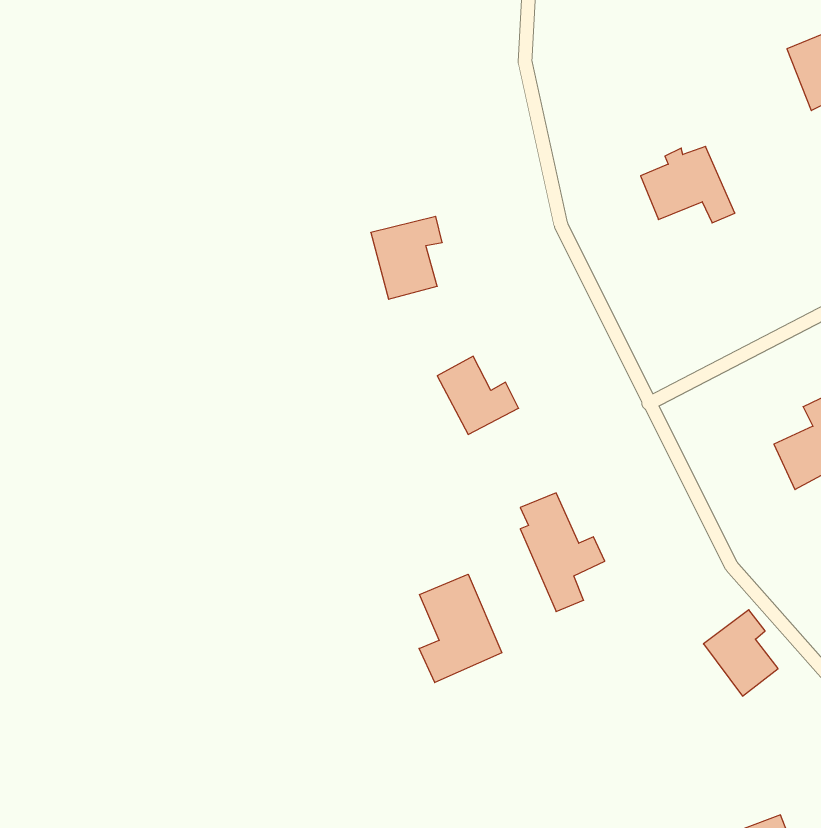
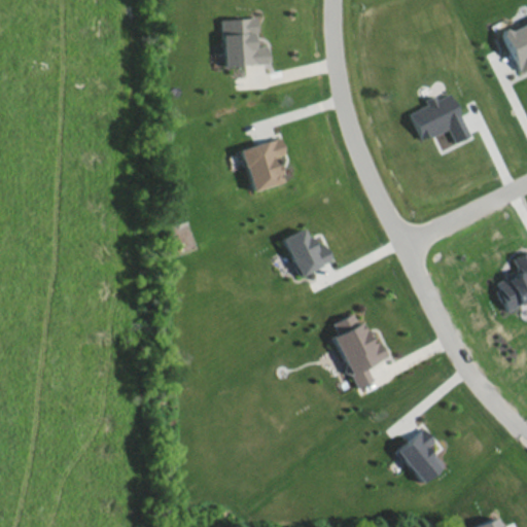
building: none -> [223,19,269,66]
building: [419,574,502,683] -> none
building: [703,610,778,696] -> [398,429,446,484]

